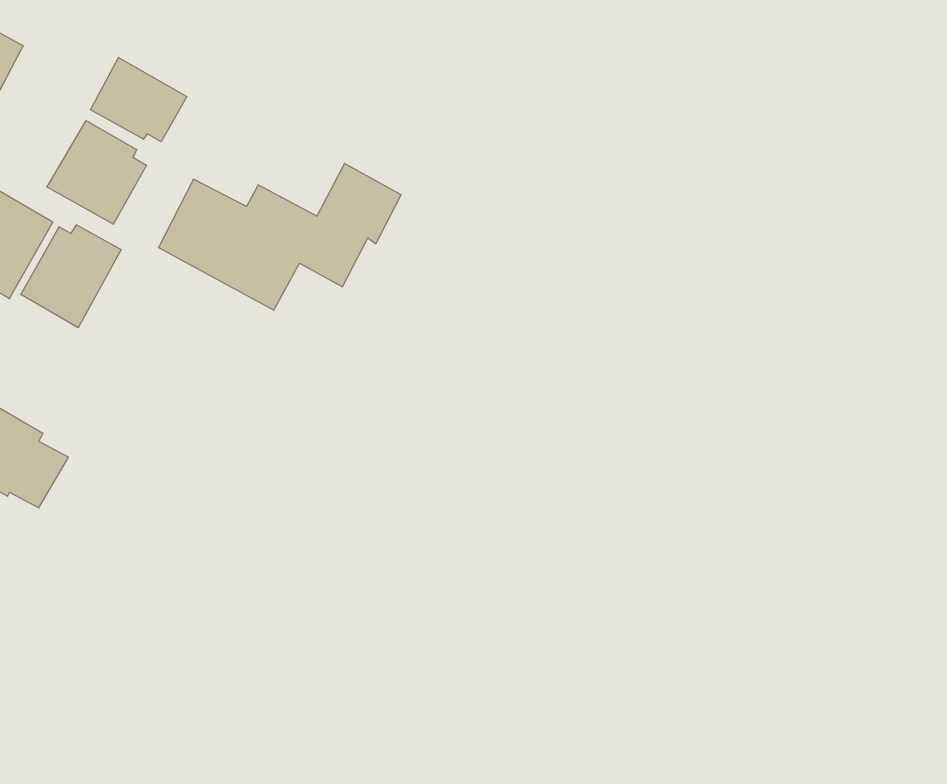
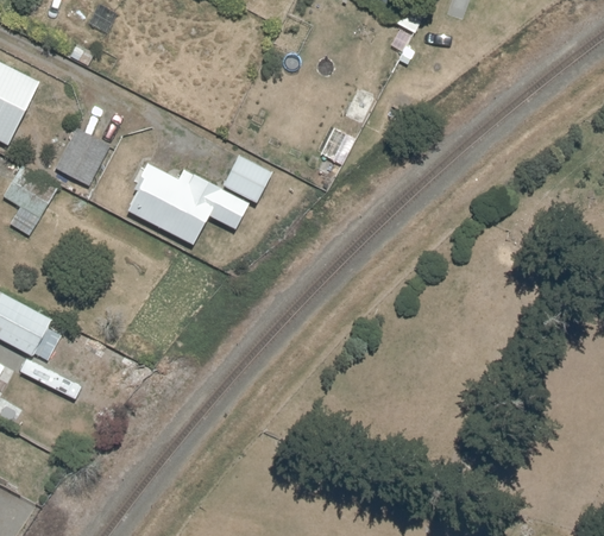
building: [90,57,187,142] -> none
building: [21,225,121,328] -> none

